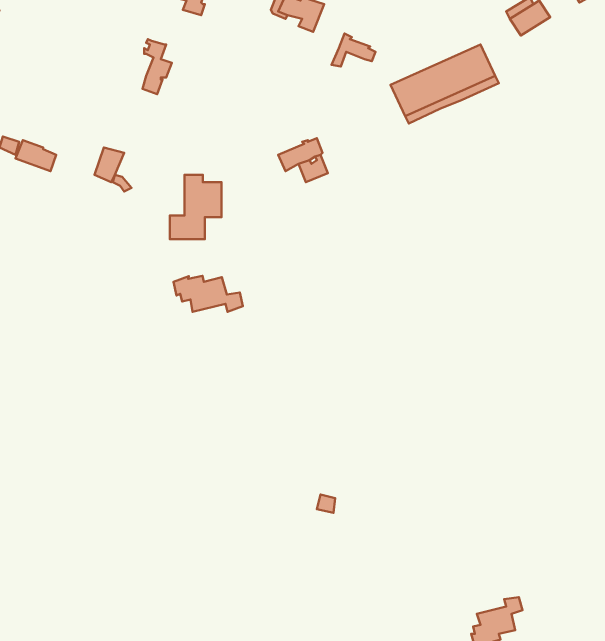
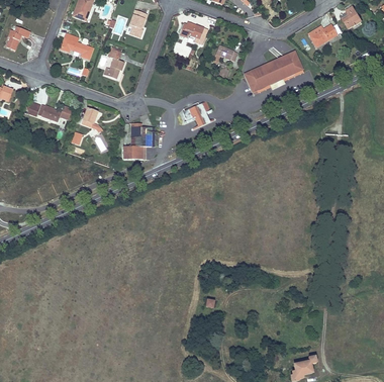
building: none -> [61,32,93,58]
building: [173,276,243,312] -> none

